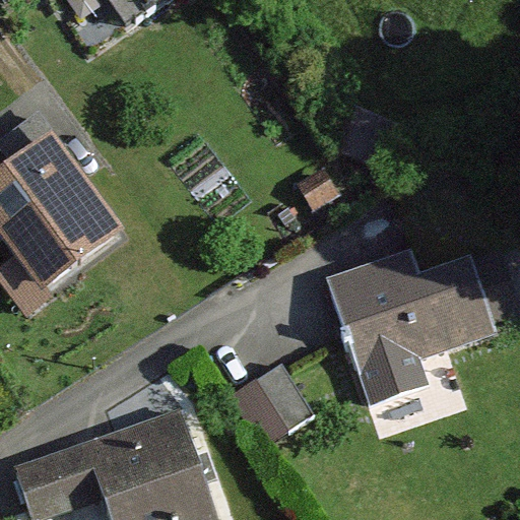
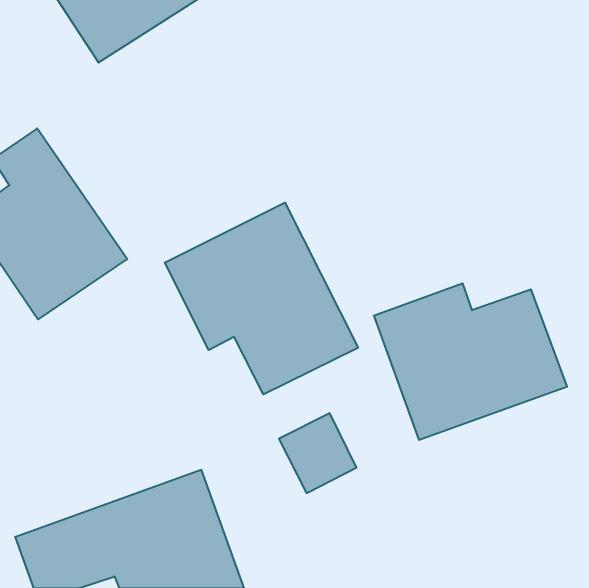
building: none -> [165,203,358,394]

